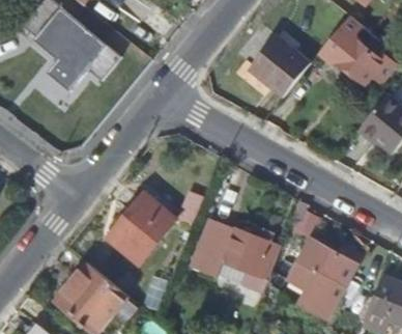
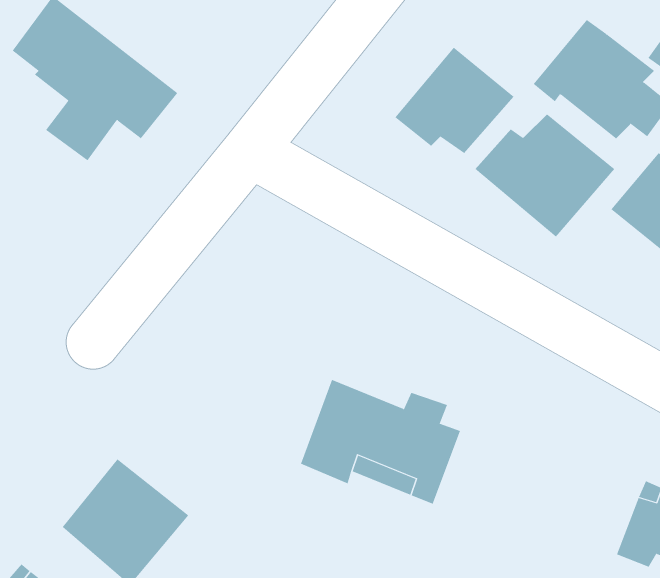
building: none -> [475,114,615,237]
building: [108,194,175,262] -> none
building: [288,239,356,318] -> none

